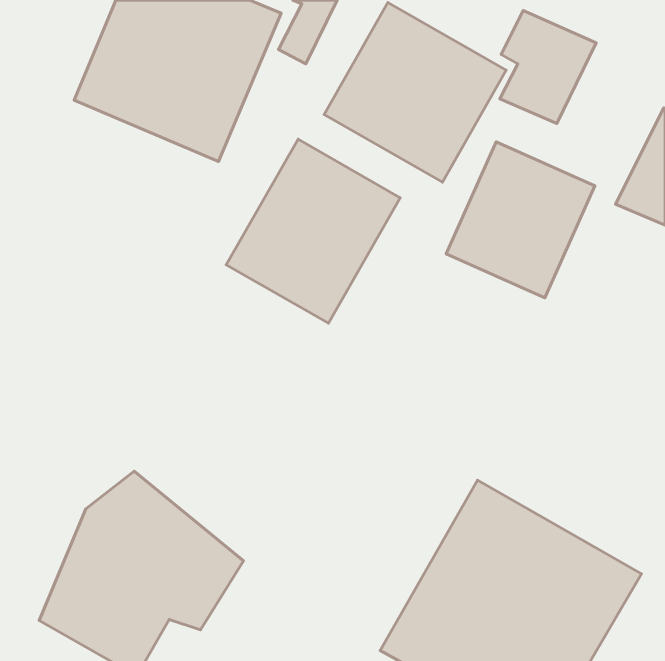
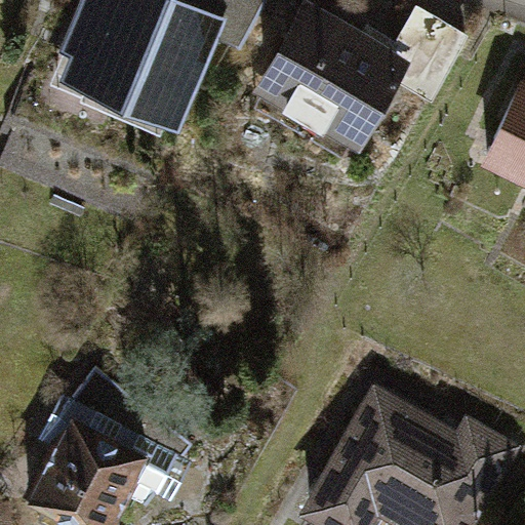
building: [226,139,400,323] -> none
building: [446,142,595,298] -> none

